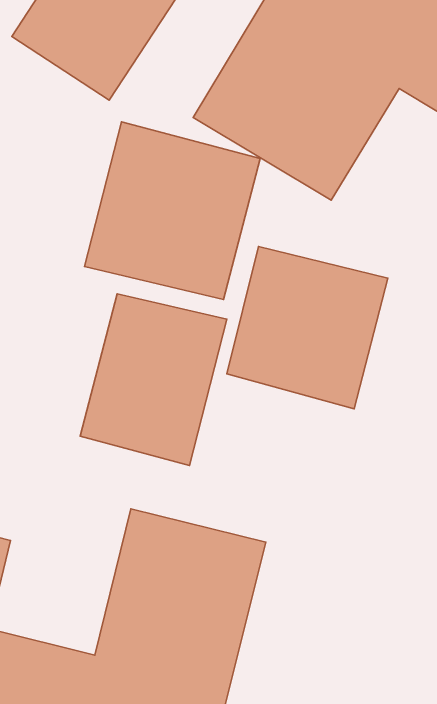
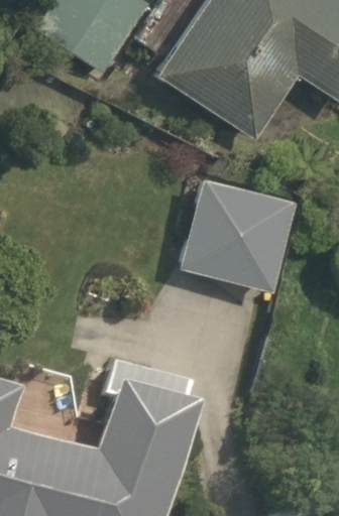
building: [85,122,260,299] -> none
building: [80,294,227,465] -> none

